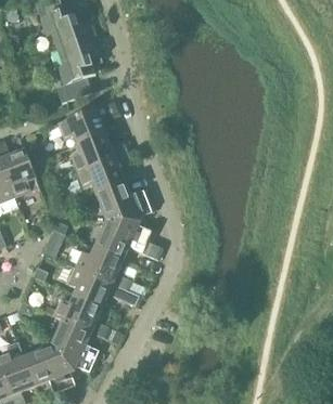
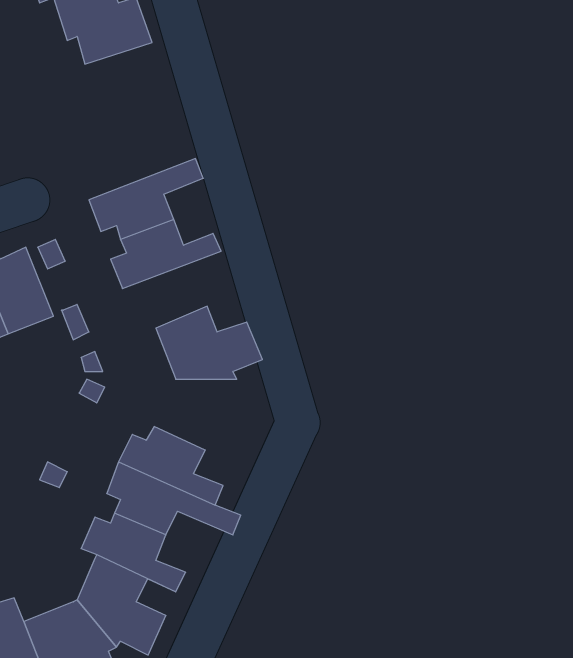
building: [54,37,101,102] -> none
building: [76,152,133,194] -> none
building: [93,222,162,261] -> none

